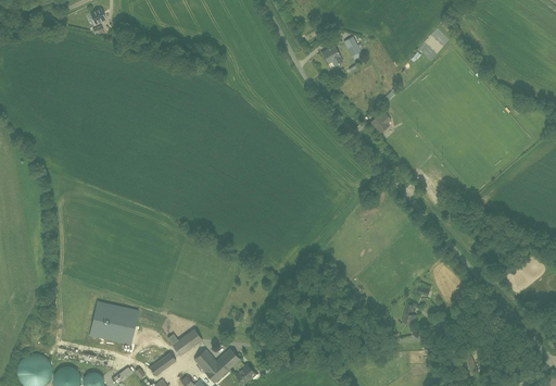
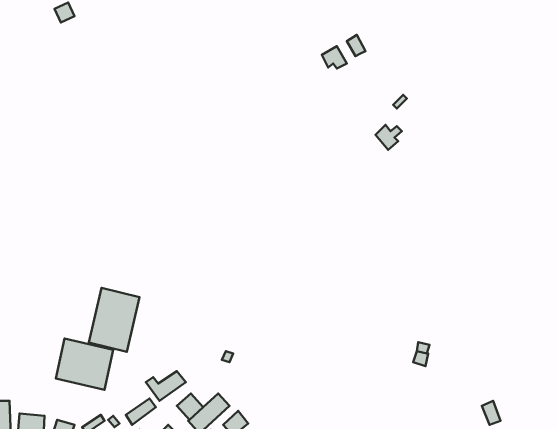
building: none -> [89,288,139,352]

